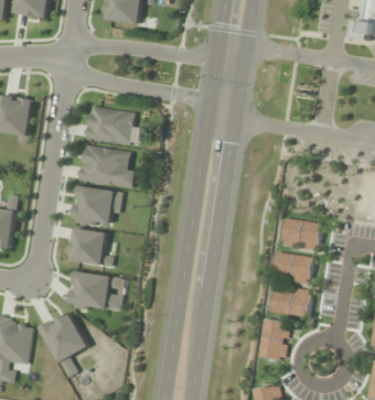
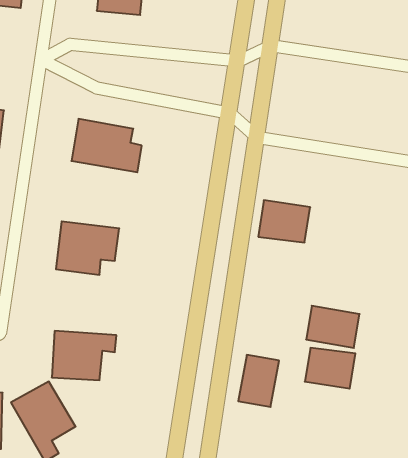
building: [78,145,137,190] -> none
building: [278,218,319,251] -> [258,200,310,242]
building: [68,228,107,266] -> none
building: [256,320,288,360] -> [238,355,279,407]

